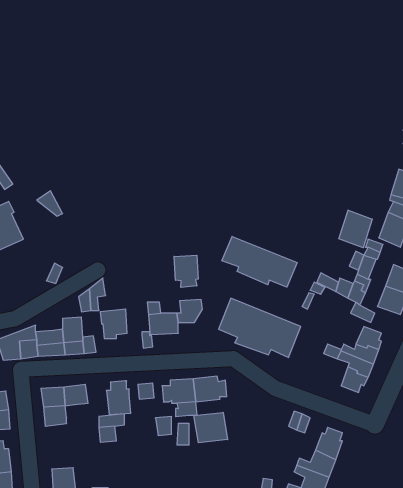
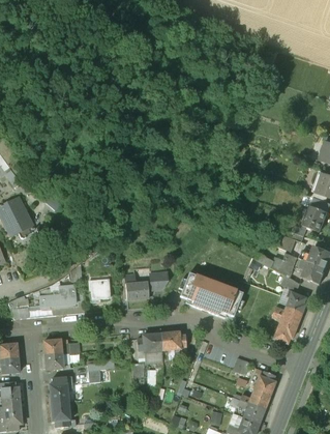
building: [339,210,372,248] -> none
building: [222,236,297,287] -> none
building: [174,255,198,287] -> none
building: [106,381,131,415] -> [49,377,67,403]
building: [194,412,228,443] -> none

